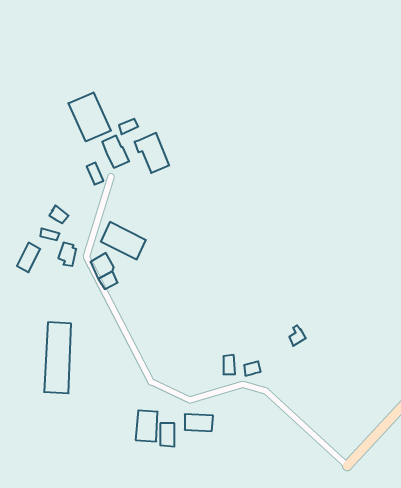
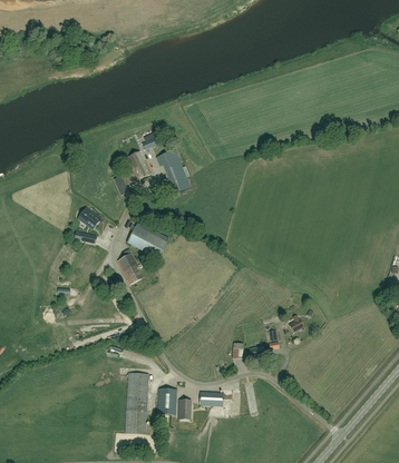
building: [68,92,111,141] -> none
building: [44,322,71,393] -> [125,372,148,433]

